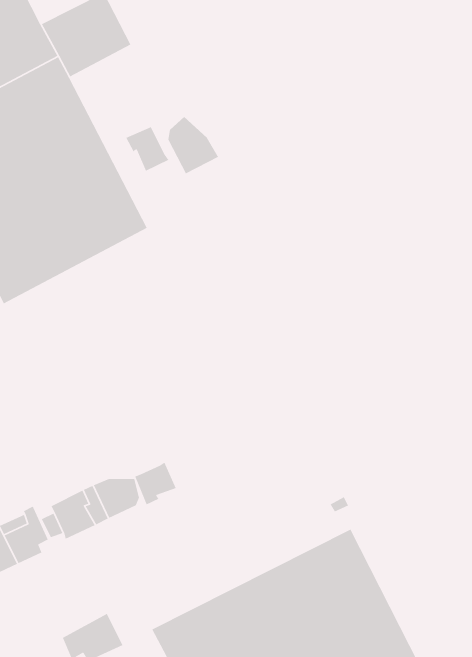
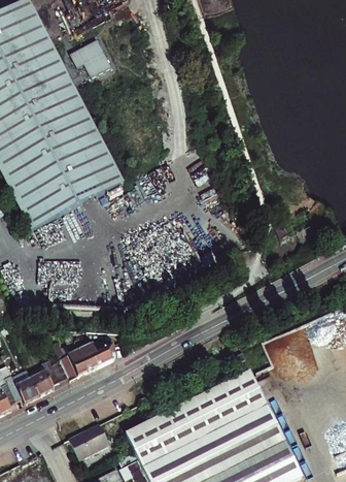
building: [168,116,219,174] -> none
building: [125,126,169,172] -> none
building: [134,461,177,505] -> none

